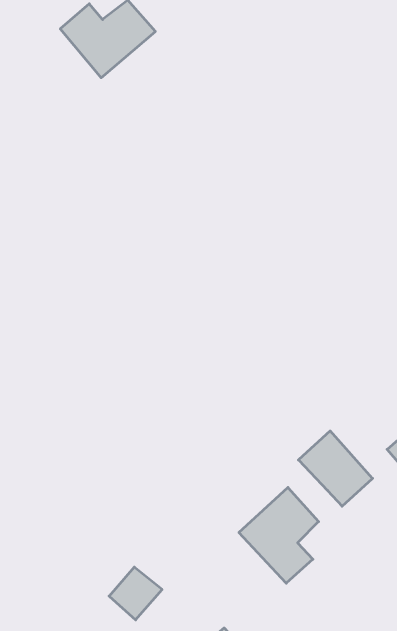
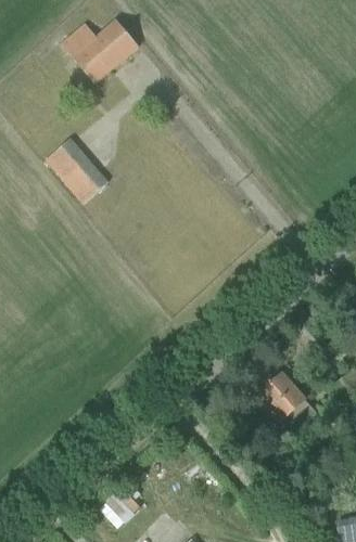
building: none -> [46,139,107,203]
building: [239,487,319,583] -> none

